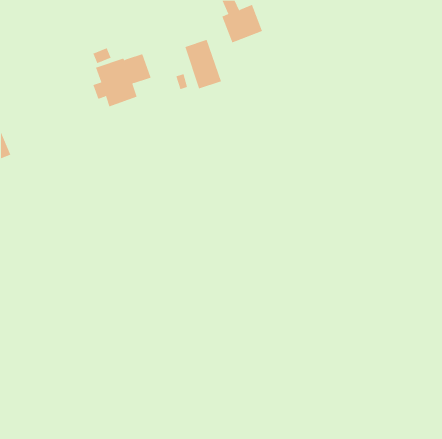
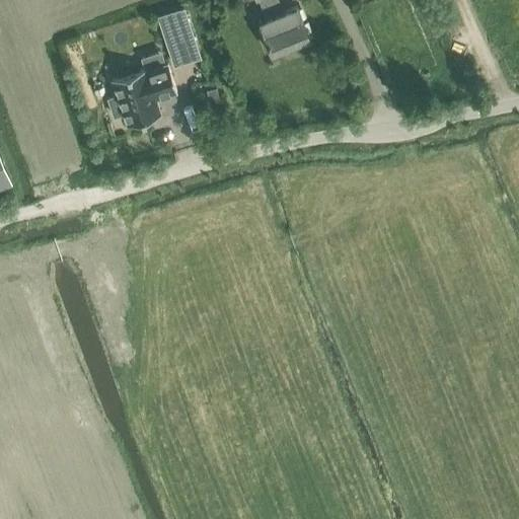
building: [185,39,222,89] -> [158,9,202,68]

